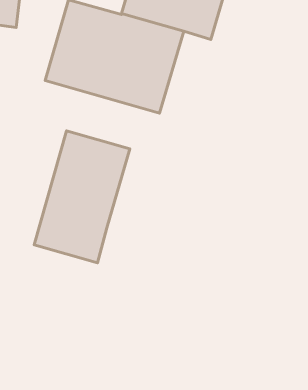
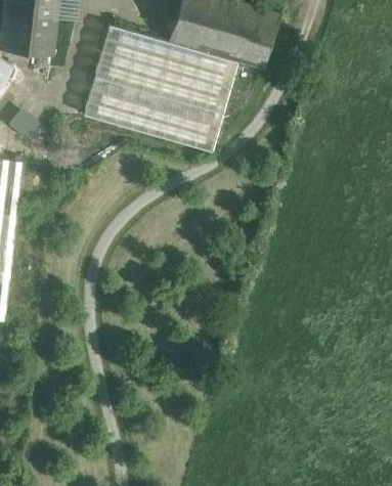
building: [34,131,130,263] -> none

